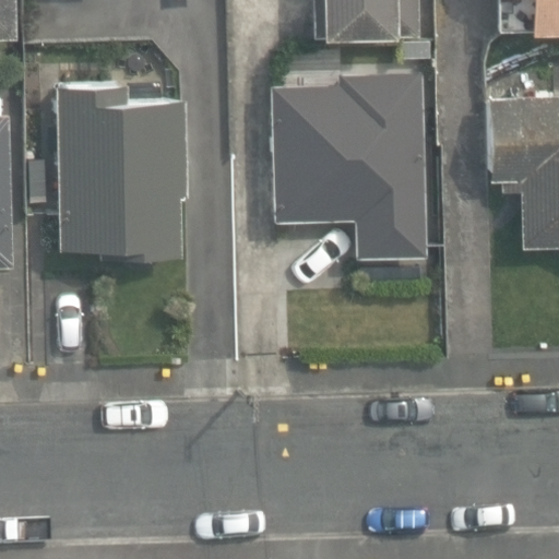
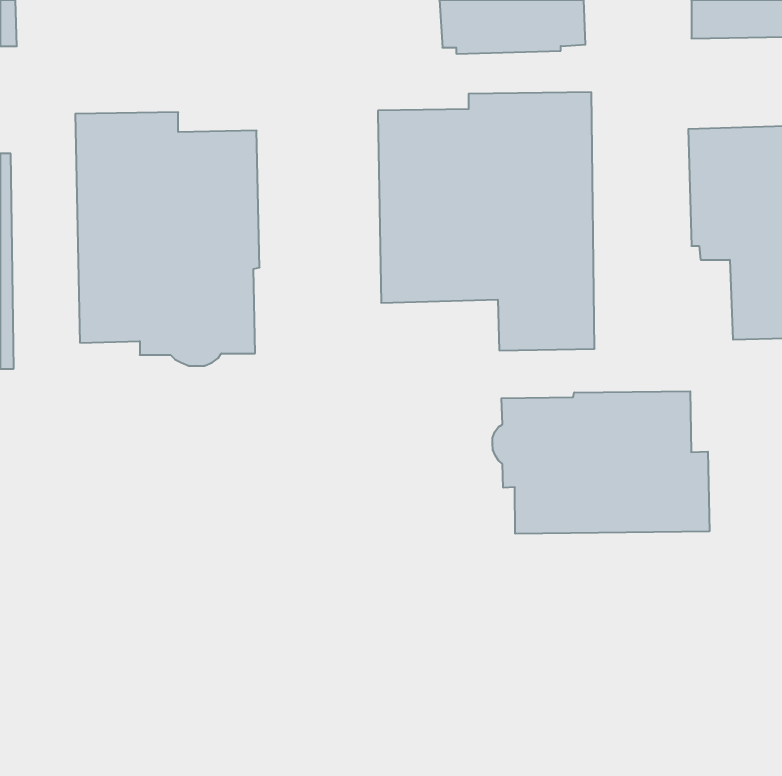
building: none -> [492,391,709,534]

